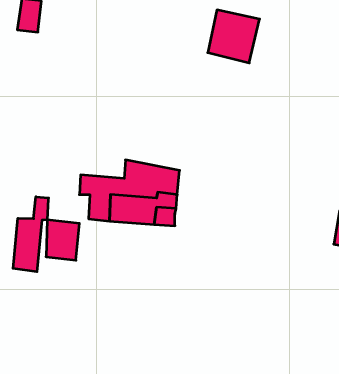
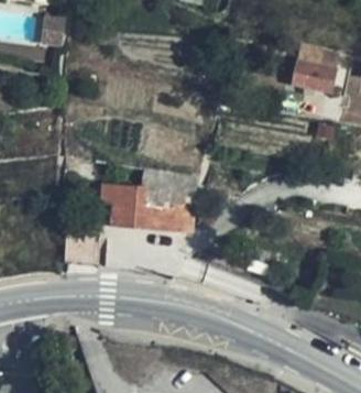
building: [208,10,260,63] -> [292,44,341,95]
building: [13,197,49,272] -> none

